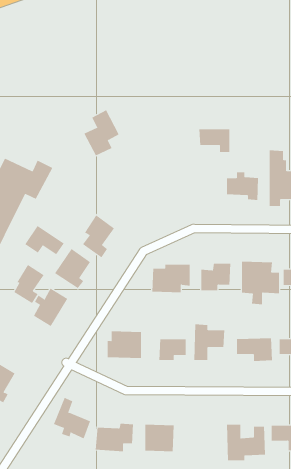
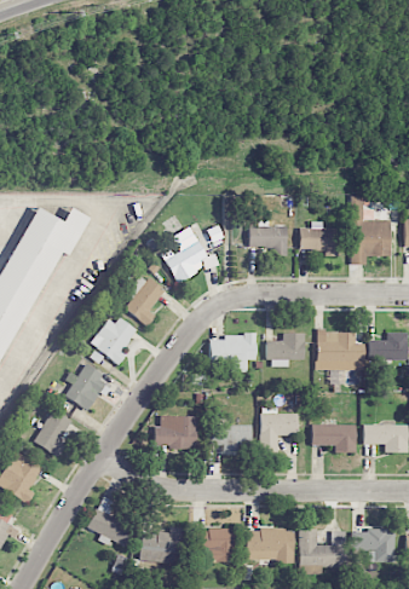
building: [84,110,119,156] -> [163,226,207,283]
building: [198,129,230,153] -> [249,226,288,255]
building: [24,225,64,255] -> none
building: [14,264,44,304] -> [35,408,73,456]
building: none -> [246,529,295,561]

